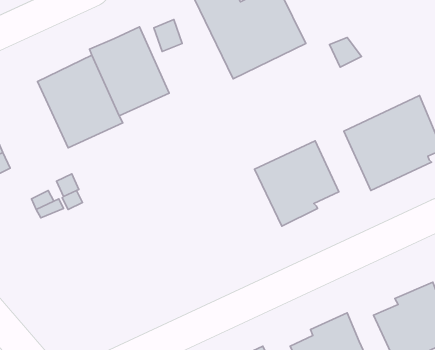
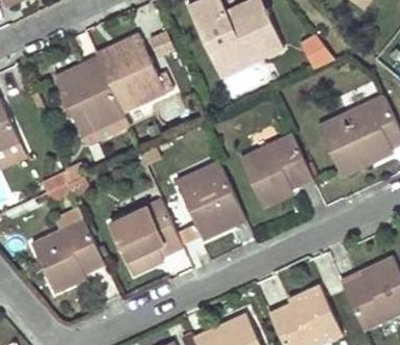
building: none -> [171,162,246,241]
building: none -> [109,201,183,273]
building: none -> [30,219,105,293]

